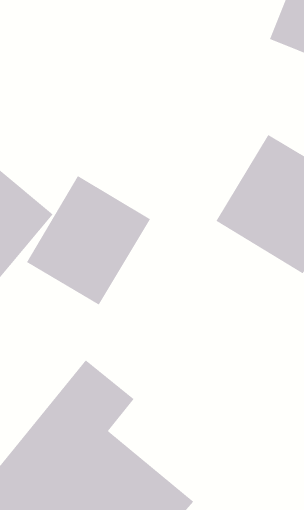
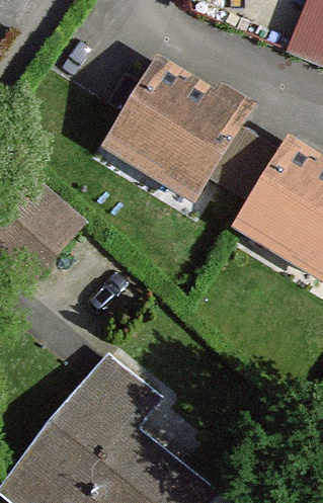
building: none -> [104,63,240,196]
building: [26,175,151,305] -> none

